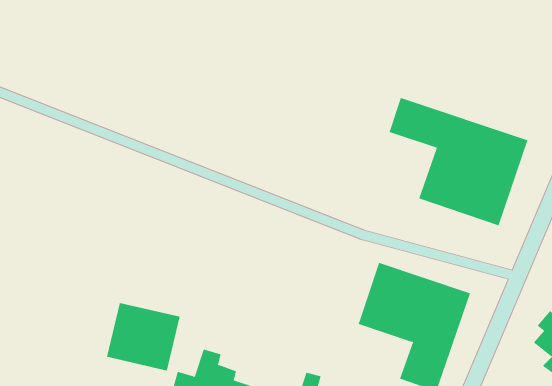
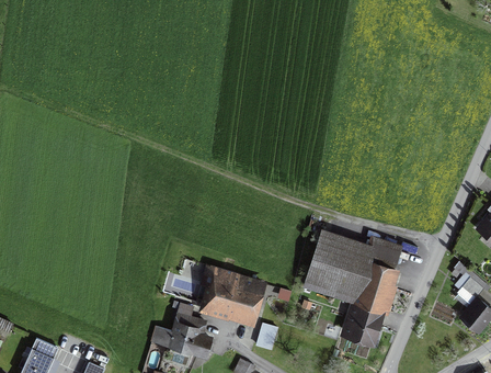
building: [389,97,528,226] -> none
building: [106,302,180,371] -> [197,269,260,327]

